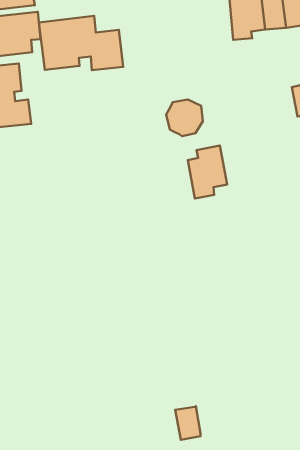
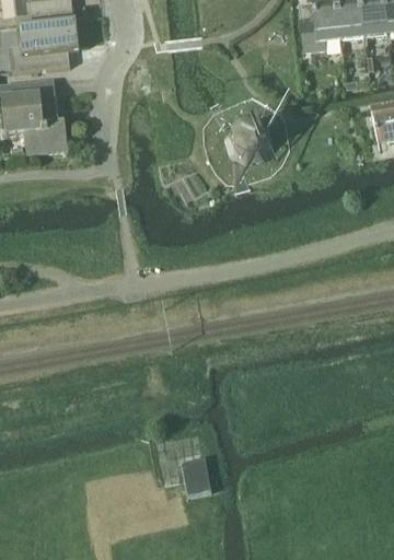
building: [39,16,123,70] -> none
building: [188,146,227,198] -> none
building: [175,406,201,440] -> [179,457,209,497]

